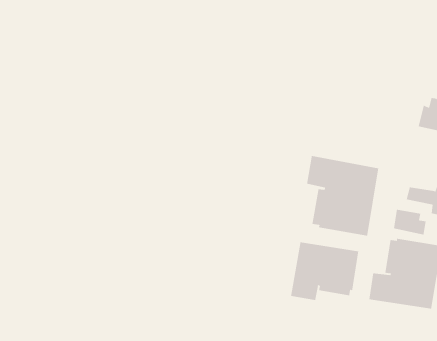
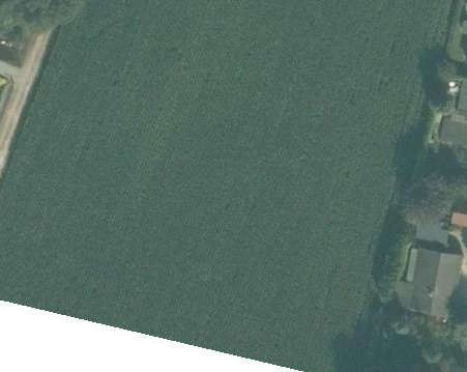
building: [306,155,379,236] -> none
building: [290,242,359,301] -> none

